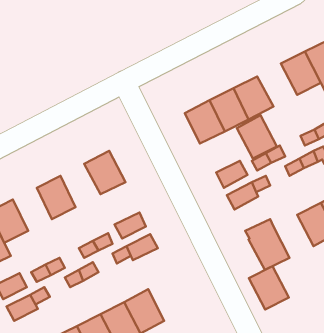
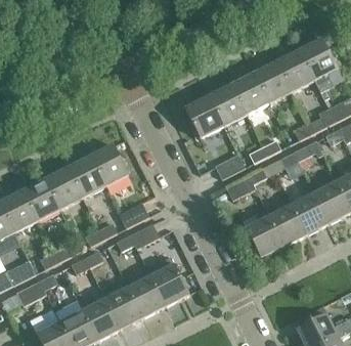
building: [237,115,277,158] -> [254,61,292,102]
building: none -> [68,157,105,198]
building: none -> [23,179,59,220]
building: [249,266,289,309] -> [269,205,307,246]
building: none -> [147,256,203,305]

